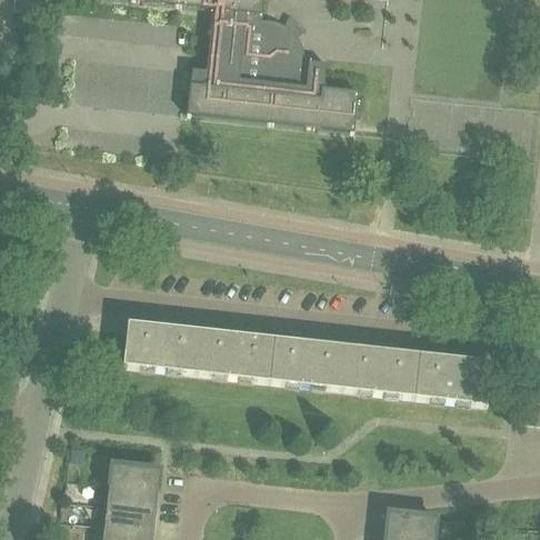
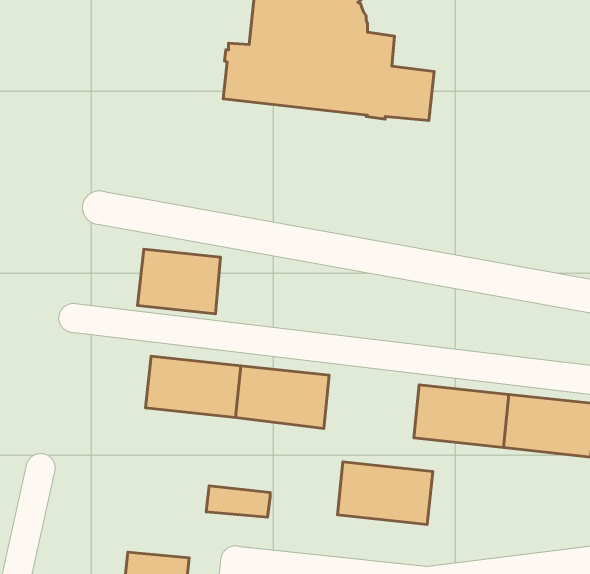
building: none -> [138,249,221,314]
building: [269,334,347,386] -> [337,462,433,524]
building: [109,458,161,483] -> [206,486,270,517]

